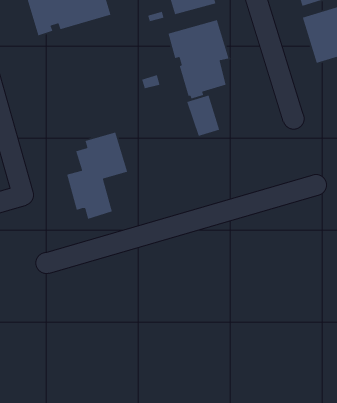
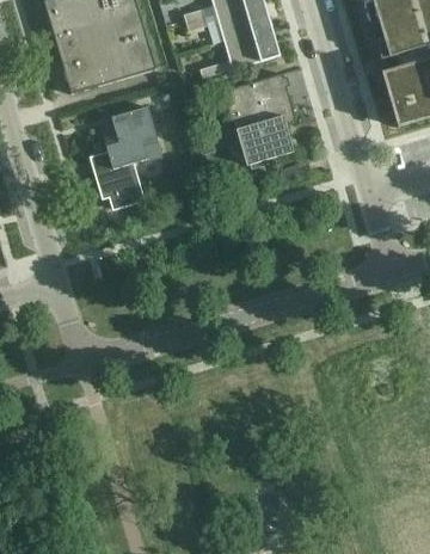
building: [186,95,220,137] -> none
building: [66,131,128,220] -> [90,105,162,209]

